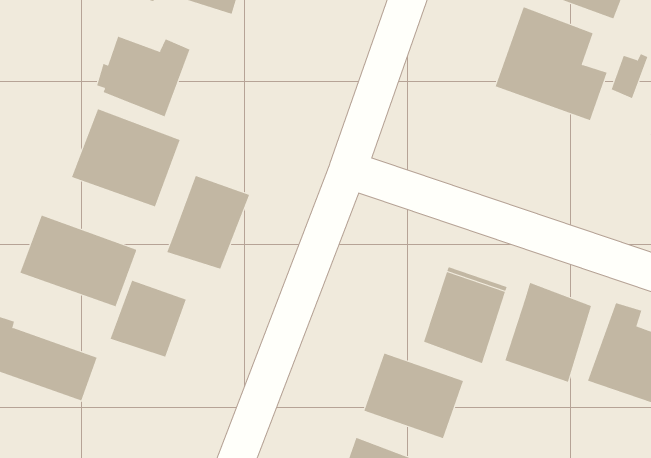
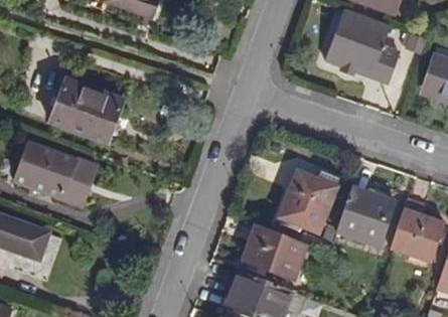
building: [96,36,190,117] -> none
building: [166,175,250,269] -> none
building: [110,280,187,358] -> none

